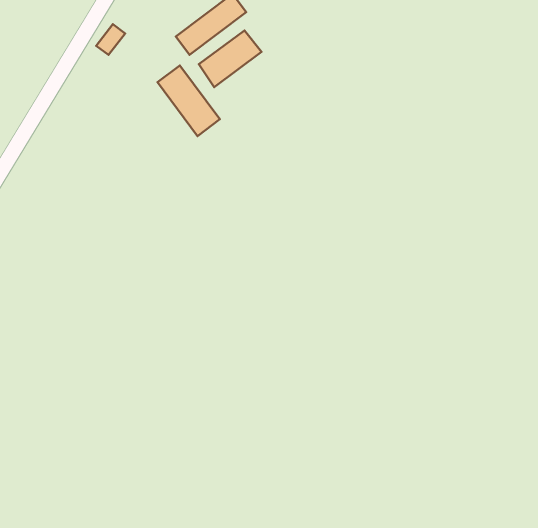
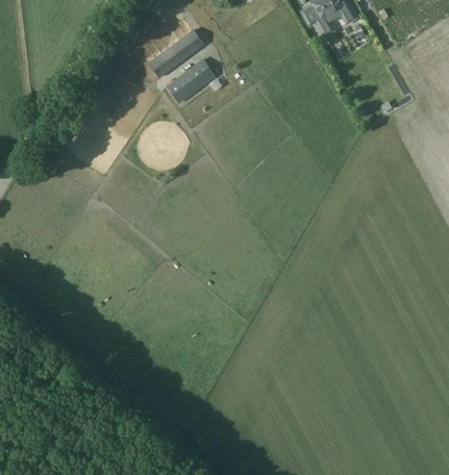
building: [158,65,220,136] -> none

